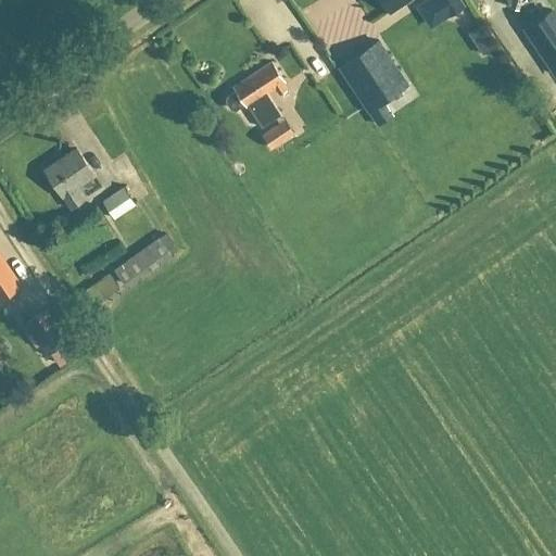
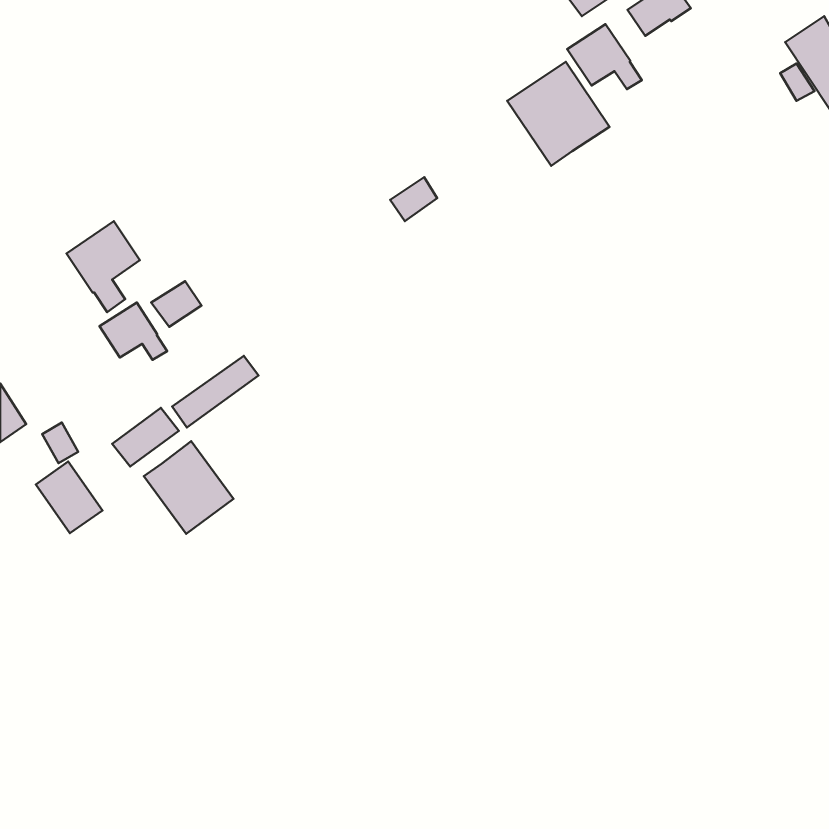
building: none -> [567,24,642,89]
building: [226,61,285,127] -> none
building: none -> [99,303,167,360]
building: none -> [144,441,234,534]

